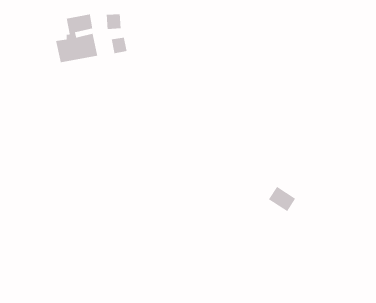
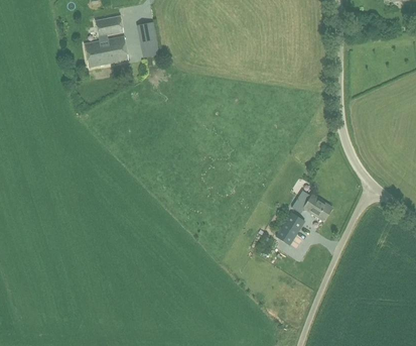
building: none -> [275,212,304,244]

